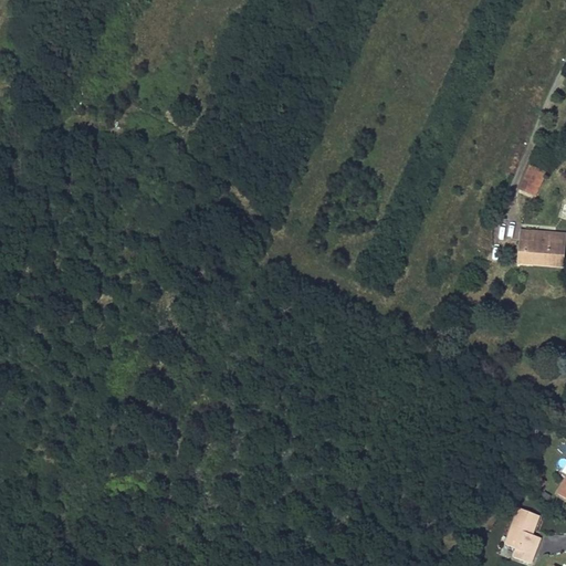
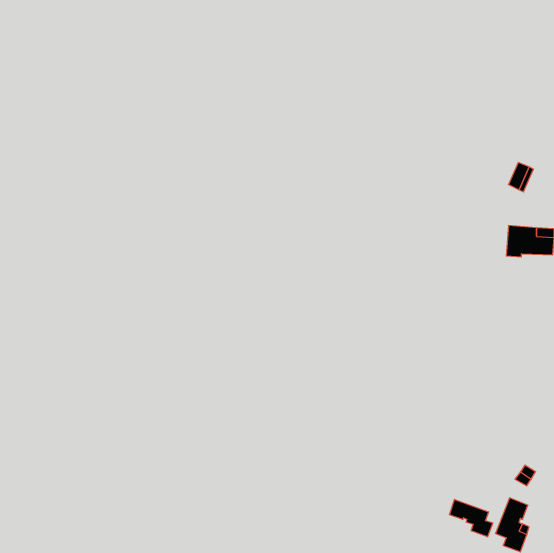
building: none -> [449,499,493,537]

